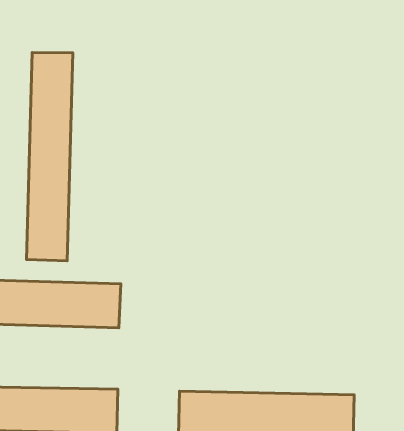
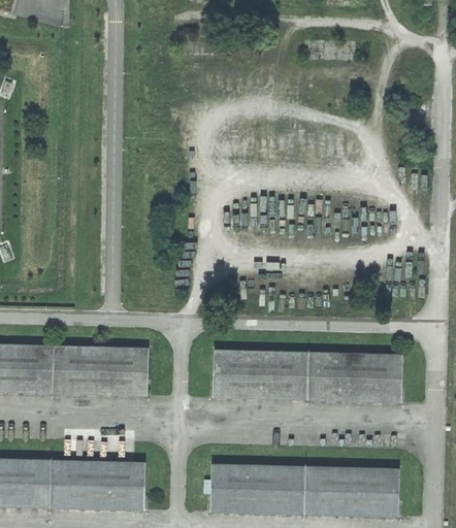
building: [26,53,73,261] -> none
building: none -> [215,349,402,401]

